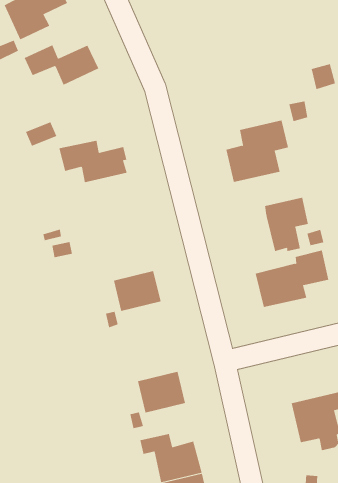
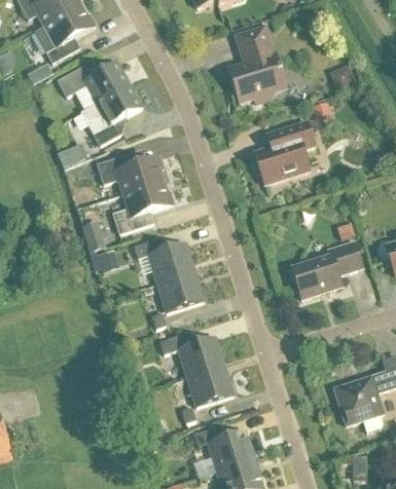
building: none -> [228,26,283,103]
building: none -> [81,84,142,145]
building: none -> [112,181,174,233]
building: [265,197,308,252] -> none
building: none -> [134,236,195,284]
building: none -> [160,331,225,377]

